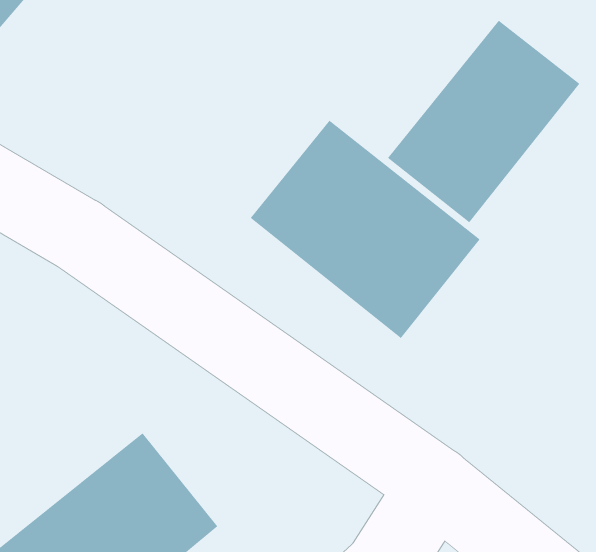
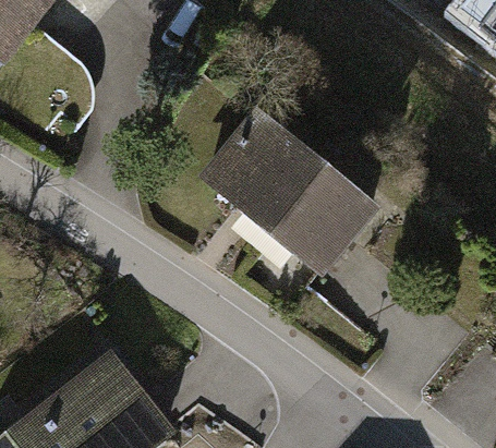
building: [387,20,580,223] -> none

